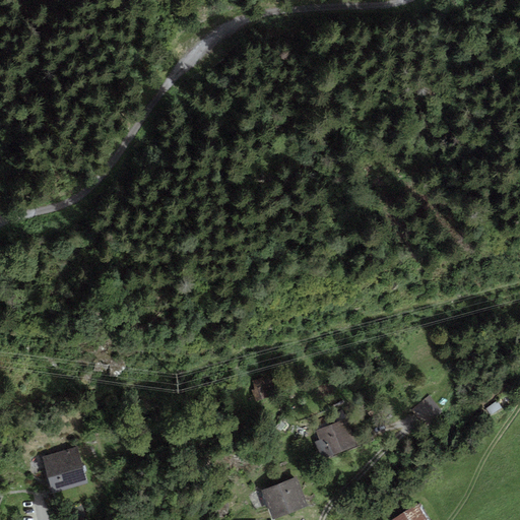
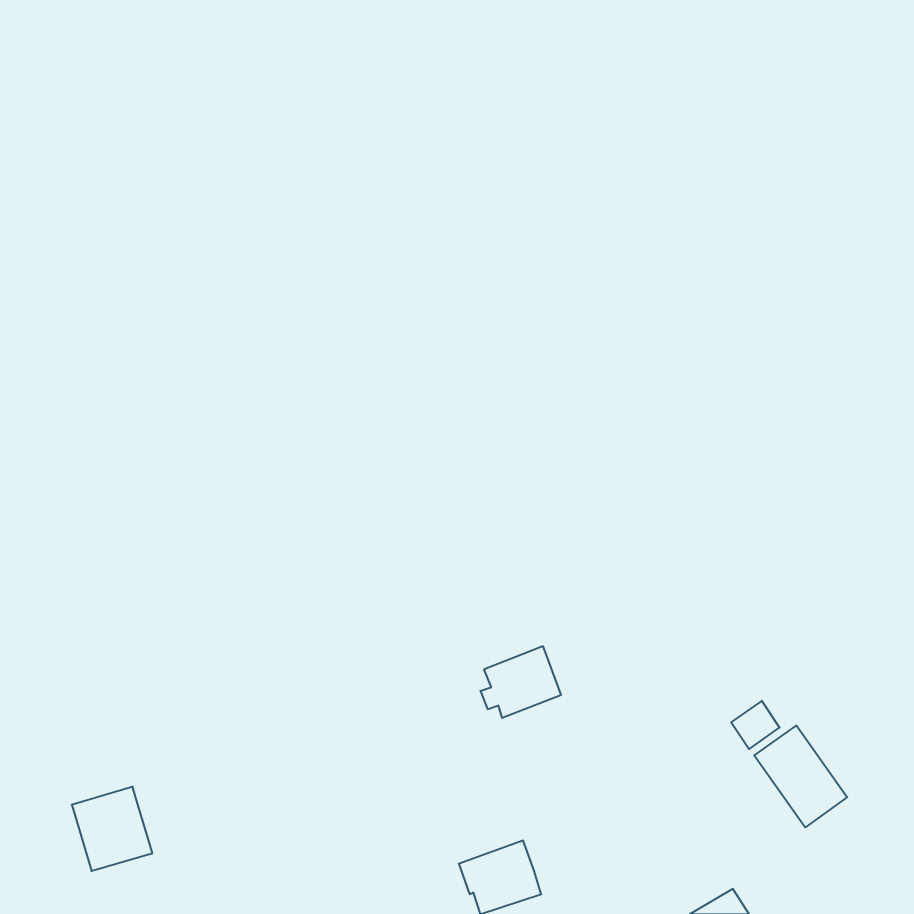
building: none -> [754,725,847,827]
building: [314,416,360,457] -> [480,646,561,718]

